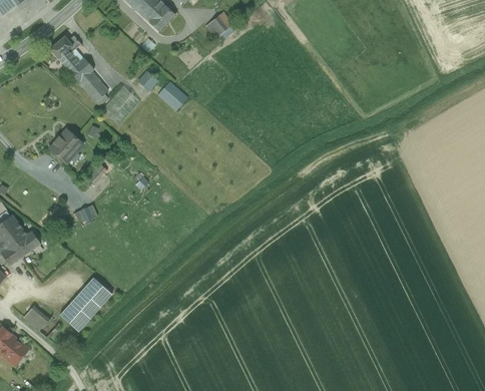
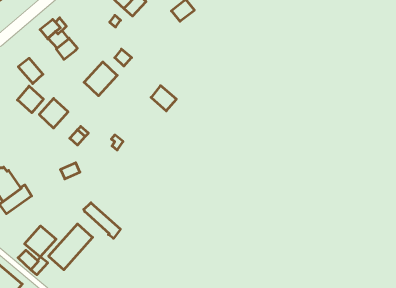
building: [79,71,108,101] -> [18,58,43,84]
building: [157,81,187,111] -> [151,86,176,111]
building: none -> [17,86,43,113]
building: none -> [84,203,120,238]
building: none -> [25,226,56,257]

